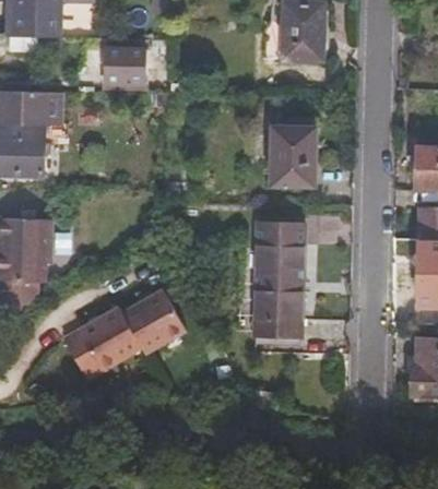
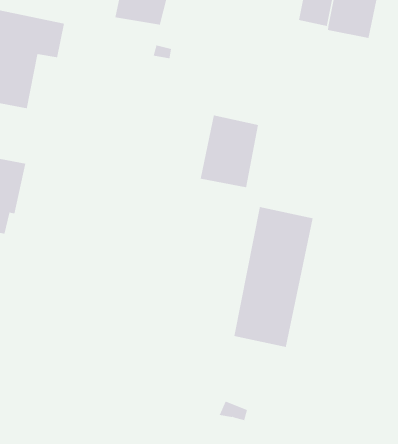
building: [274,130,317,188] -> [200,115,259,188]
building: [73,289,185,374] -> none

